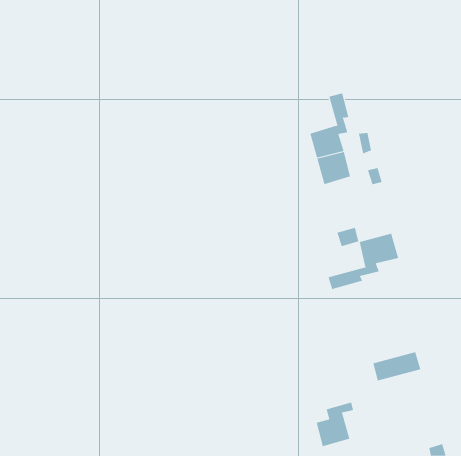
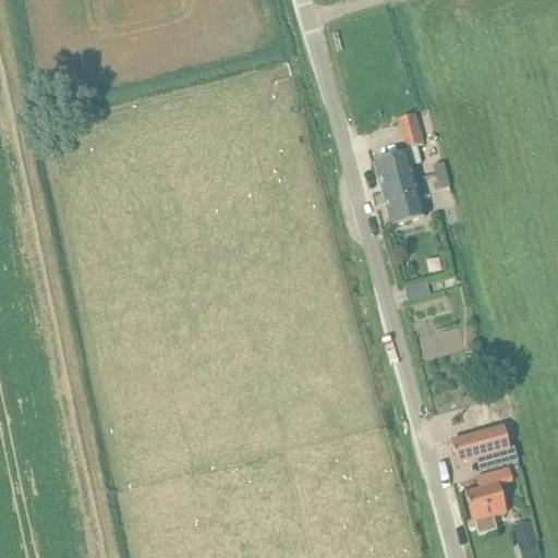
building: [328,233,399,290] -> none
building: [316,402,354,447] -> [464,465,510,520]

